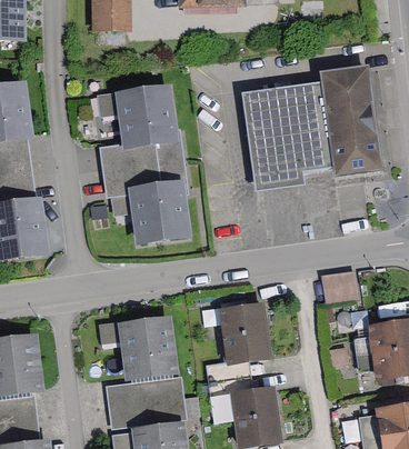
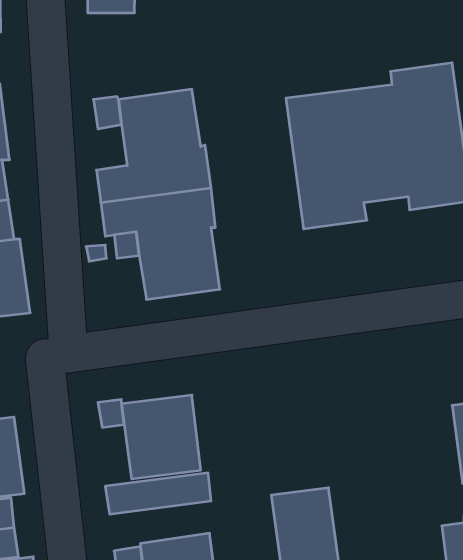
building: [323,268,361,301] -> none
building: [219,302,270,365] -> none
building: [108,396,188,428] -> none

